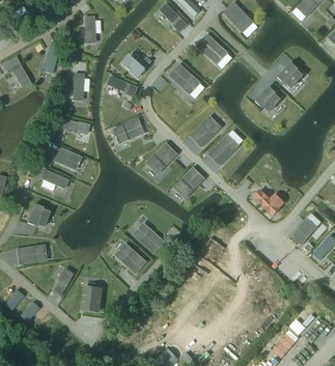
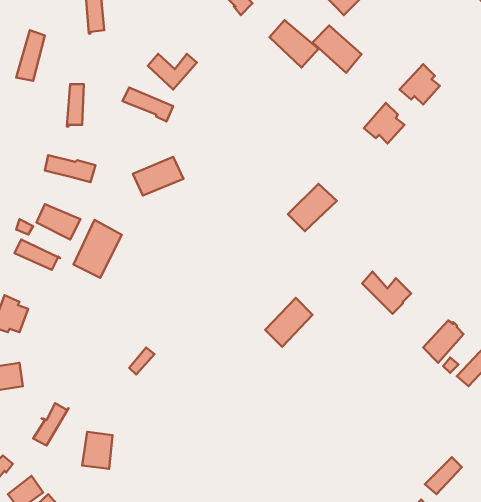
building: [169,64,199,93] -> [312,25,361,73]
building: [191,116,220,146] -> none
building: [147,143,176,172] -> none
building: none -> [74,220,122,278]
building: [174,167,203,197] -> [265,298,313,347]
building: [134,223,164,252] -> none
building: [116,244,145,273] -> none

